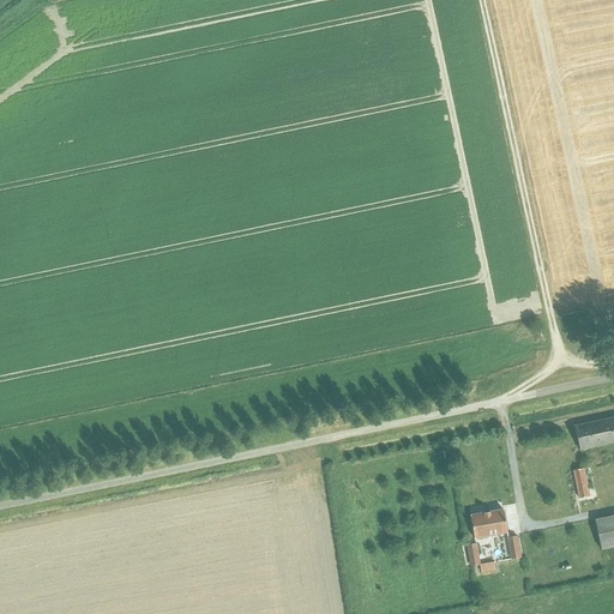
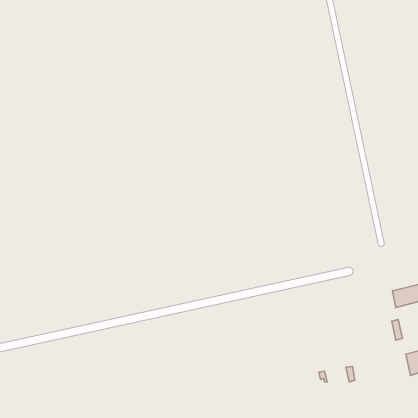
building: [470,508,507,537] -> none

